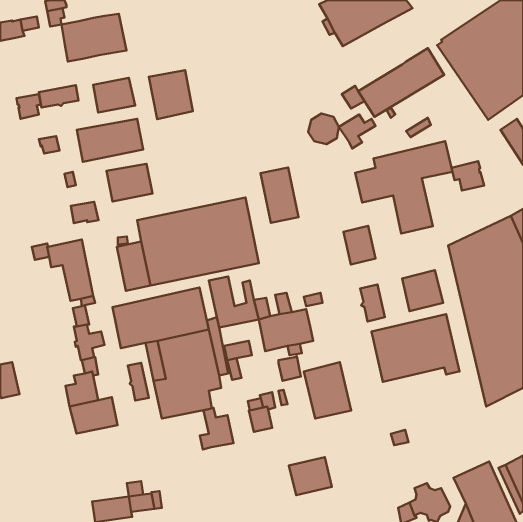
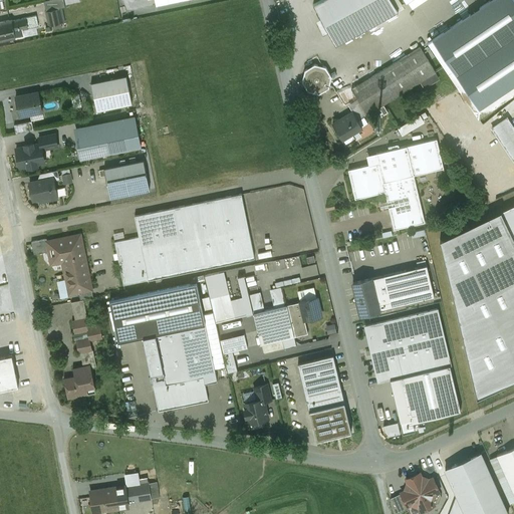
building: [61,14,127,61] -> none
building: [149,70,193,119] -> none
building: [39,85,79,108] -> none
building: [308,114,339,144] -> [301,65,331,95]
building: none -> [16,144,45,169]
building: [451,161,484,190] -> none
building: [261,167,298,223] -> none
building: [71,202,98,223] -> [30,180,57,201]
building: [344,226,375,265] -> [370,274,402,312]
building: [278,356,301,381] -> [300,297,322,321]
building: [128,363,149,400] -> none
building: none -> [375,361,461,430]
building: [70,397,117,434] -> none
building: [200,408,234,450] -> none
building: [289,457,332,495] -> [309,404,351,441]

